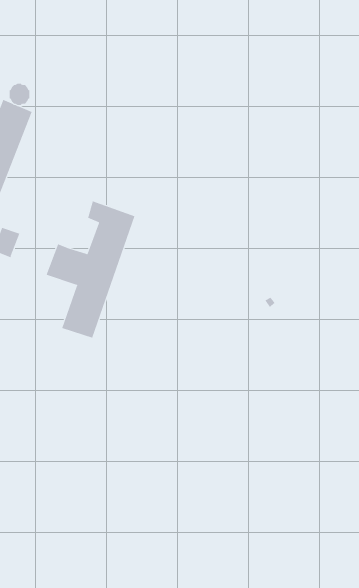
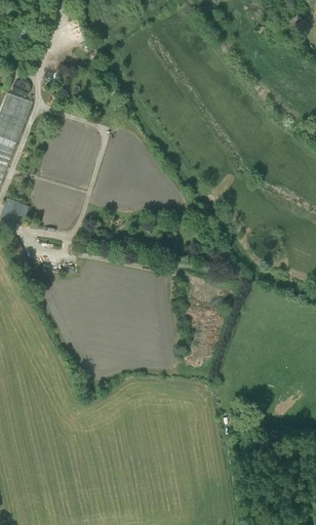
building: [46,200,135,339] -> none

